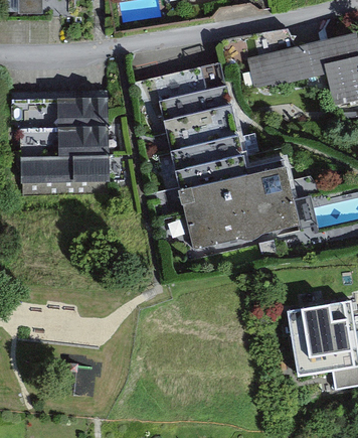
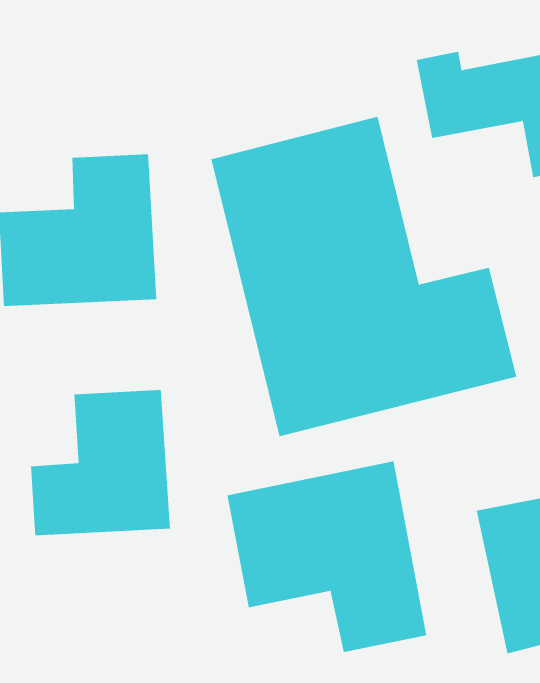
building: none -> [30,389,170,536]
building: none -> [227,461,427,653]

